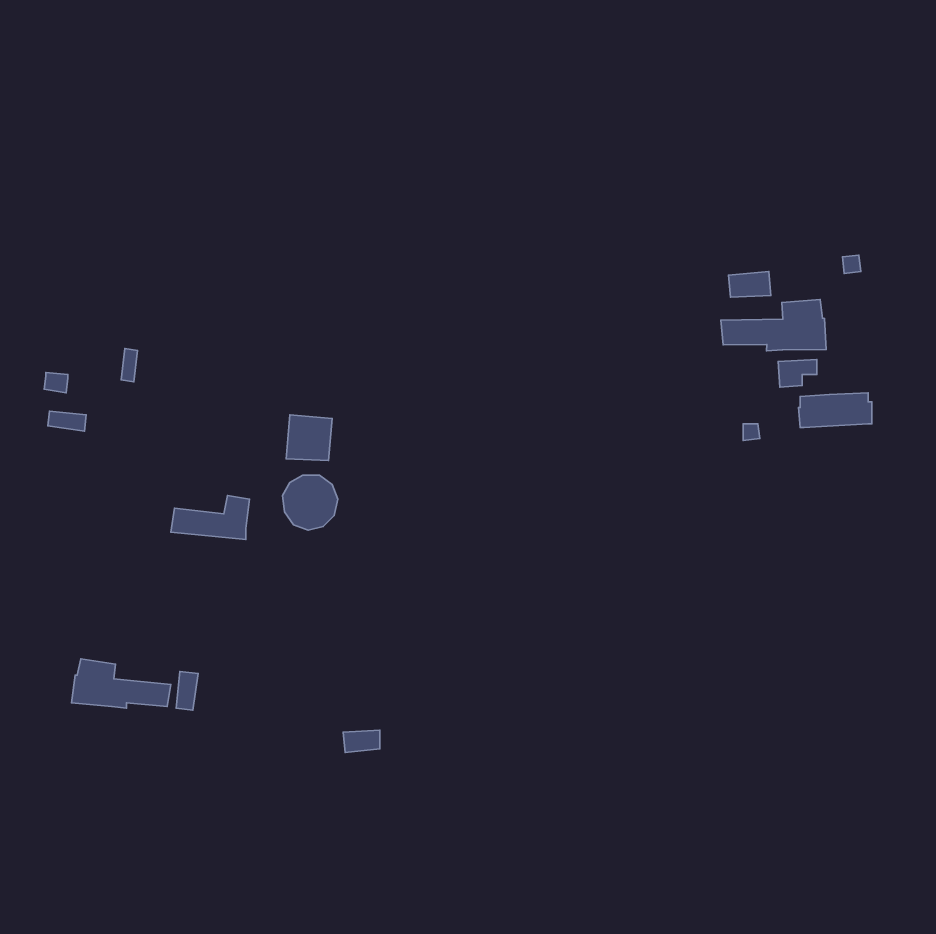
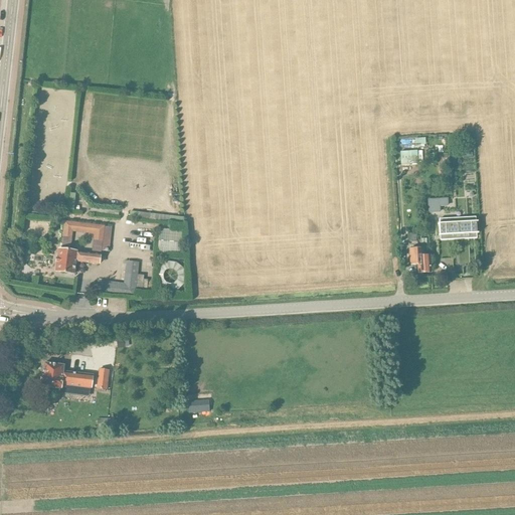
building: [721,299,826,351] -> none
building: none -> [55,219,106,275]
building: none -> [409,246,432,273]

